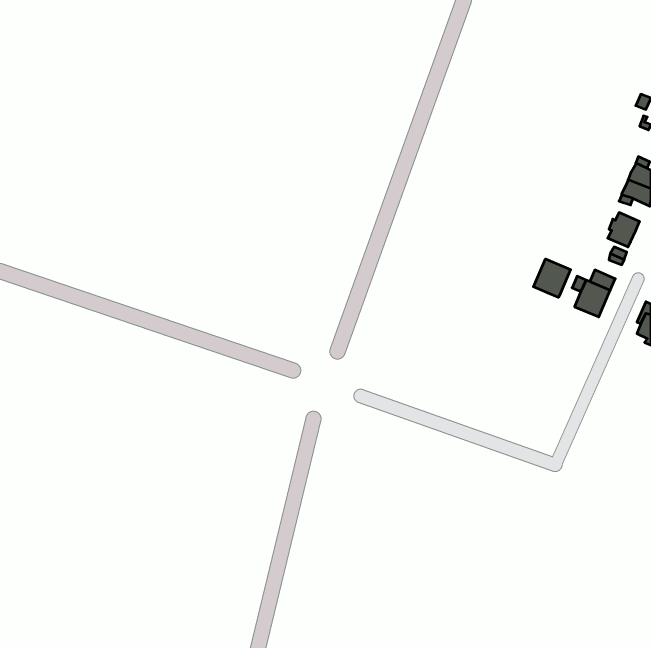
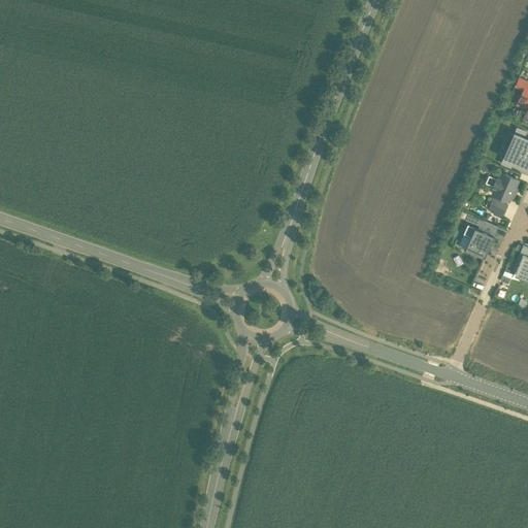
building: [533,259,571,297] -> none

